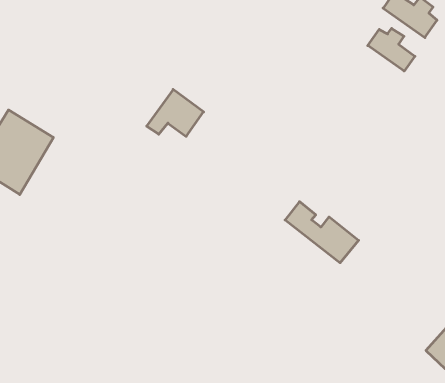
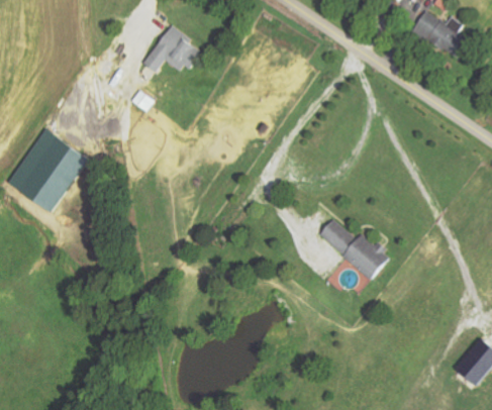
building: [368,28,415,71] -> none
building: [147,89,204,136] -> [142,27,199,74]

